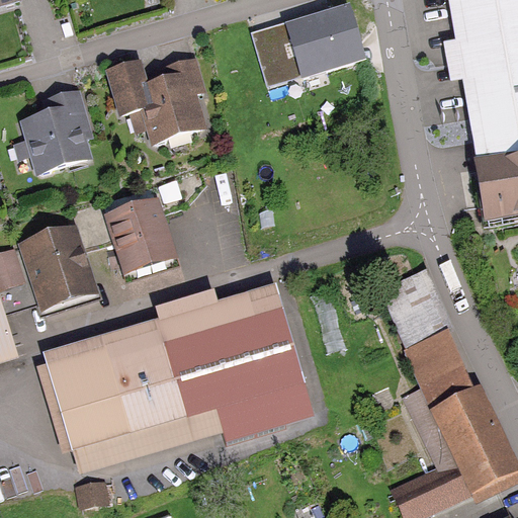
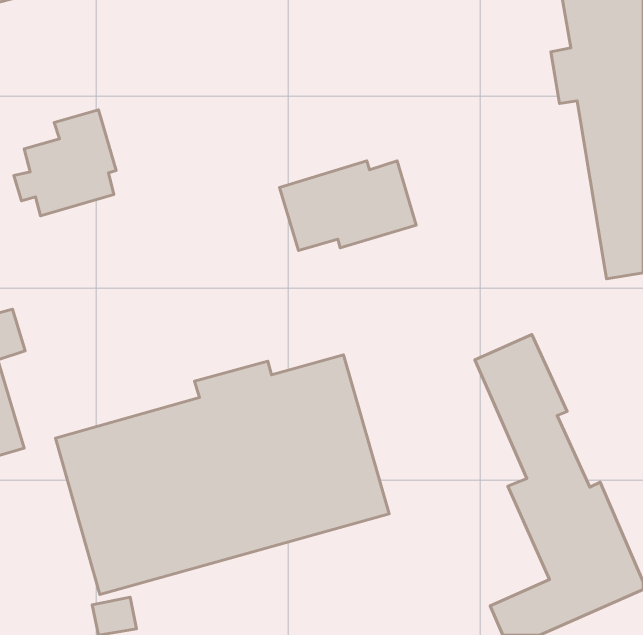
building: [252,11,361,83] -> [280,161,416,250]
building: [108,57,205,142] -> none
building: [106,197,176,274] -> none
building: [19,224,97,313] -> none

